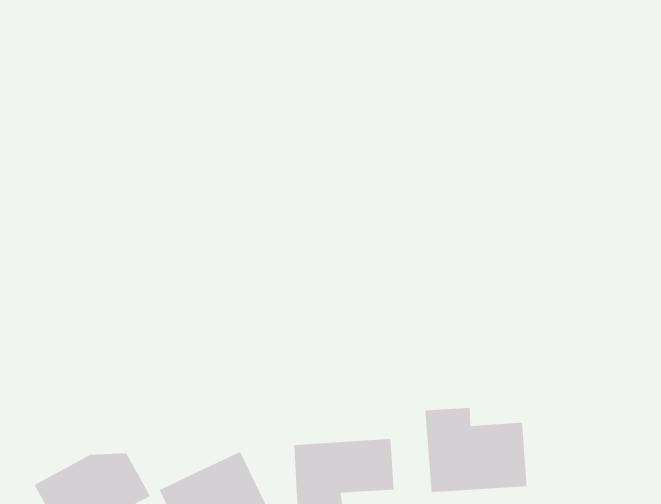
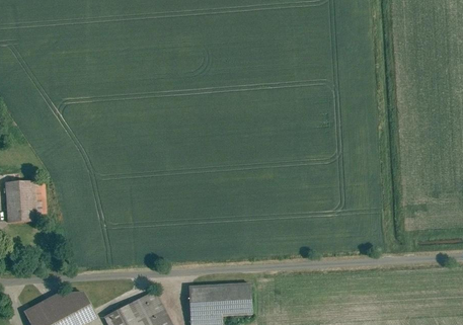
building: none -> [8,176,47,227]
building: [425,407,527,493] -> none

